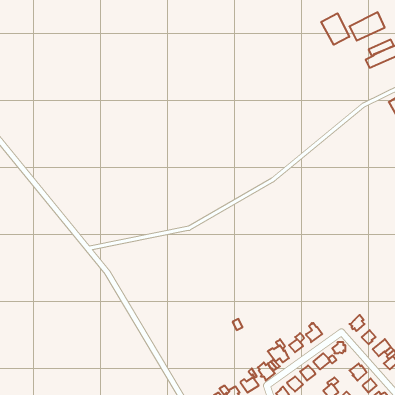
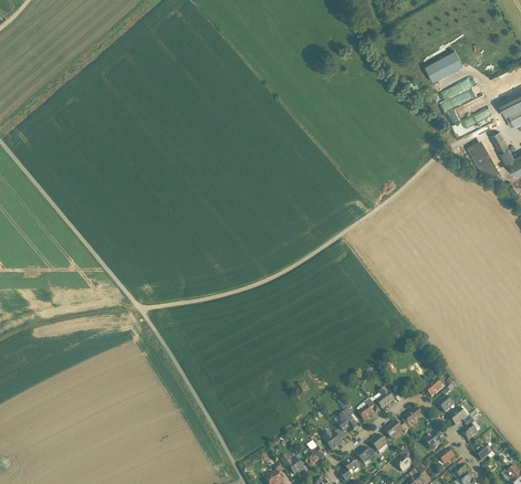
building: [321,13,349,45] -> none

